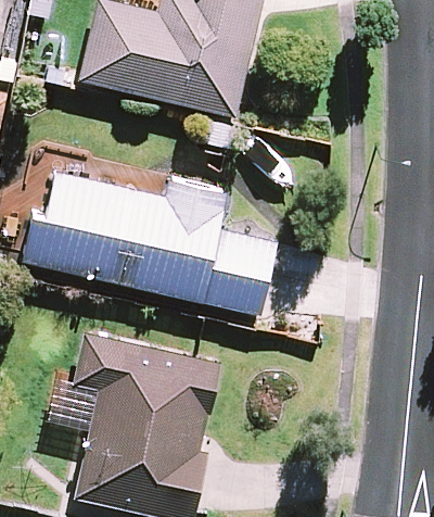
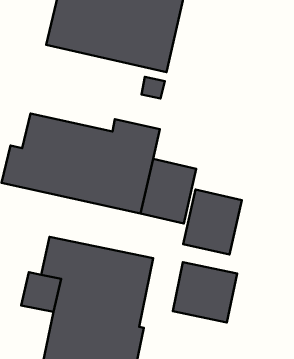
building: none -> [183,190,242,255]
building: none -> [173,262,237,322]

